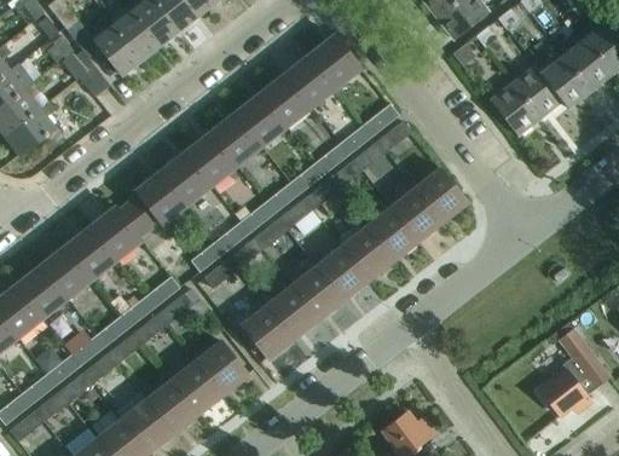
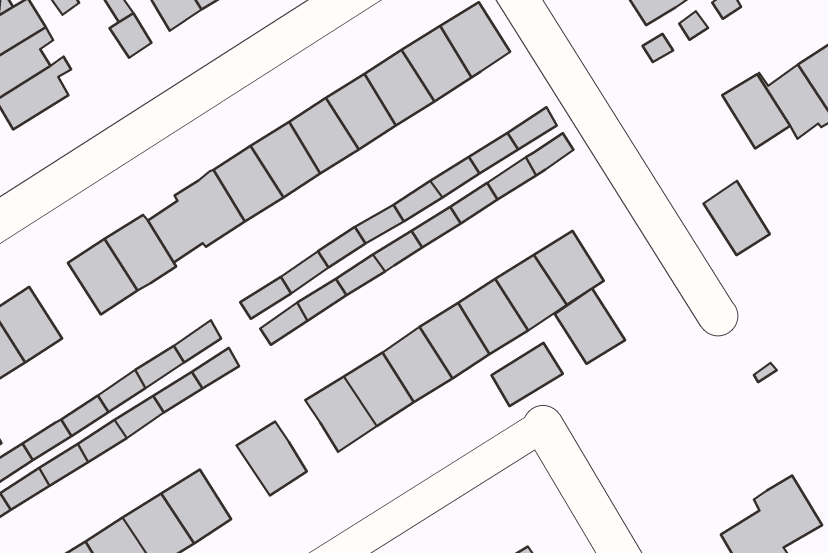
building: [491,82,539,134] -> [704,181,770,255]
building: [417,167,468,220] -> [555,288,625,364]
building: [41,244,93,298] -> none
building: none -> [492,343,563,406]
building: [173,360,224,412] -> none

